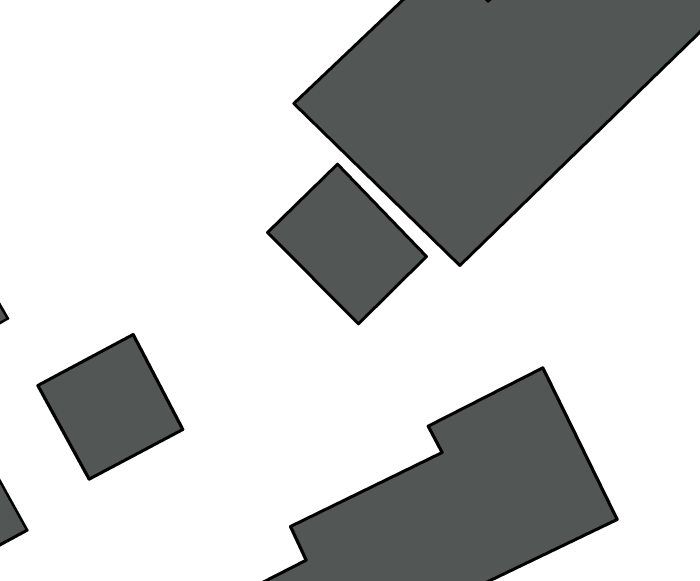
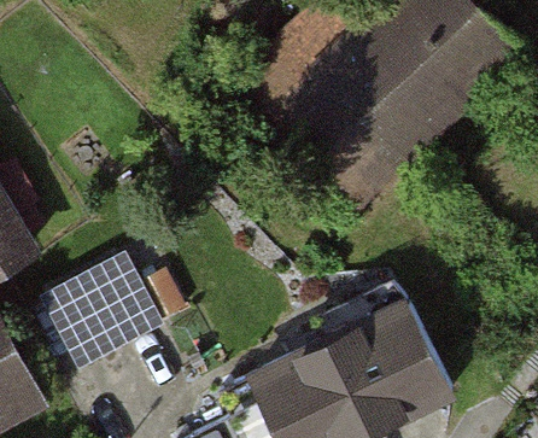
building: [267,164,426,324] -> none

